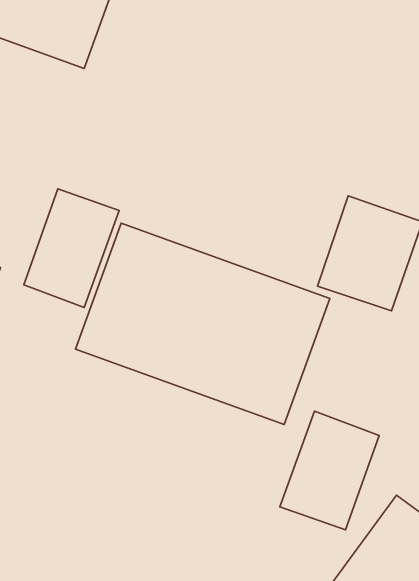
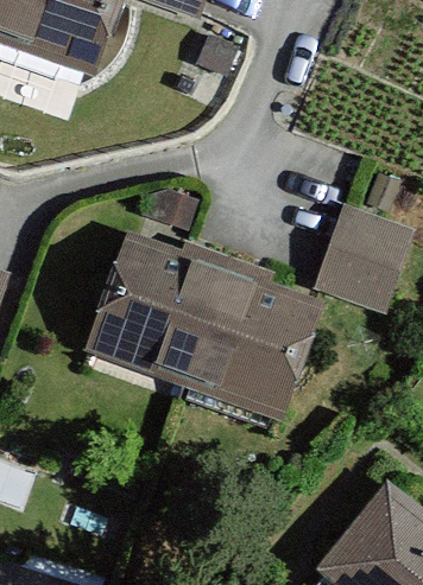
building: [24,189,119,307] -> none
building: [280,411,379,530] -> none

